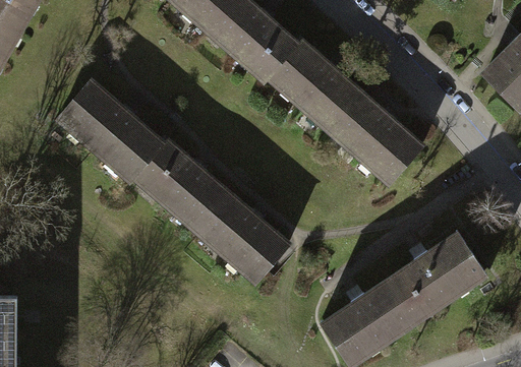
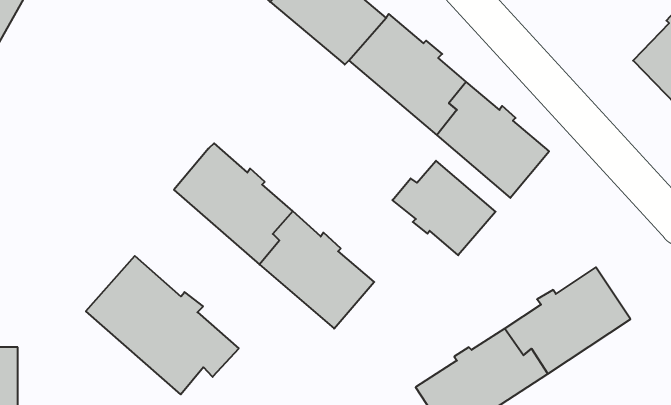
building: [58,82,161,180] -> none
building: none -> [392,161,496,255]
building: none -> [86,256,239,394]

